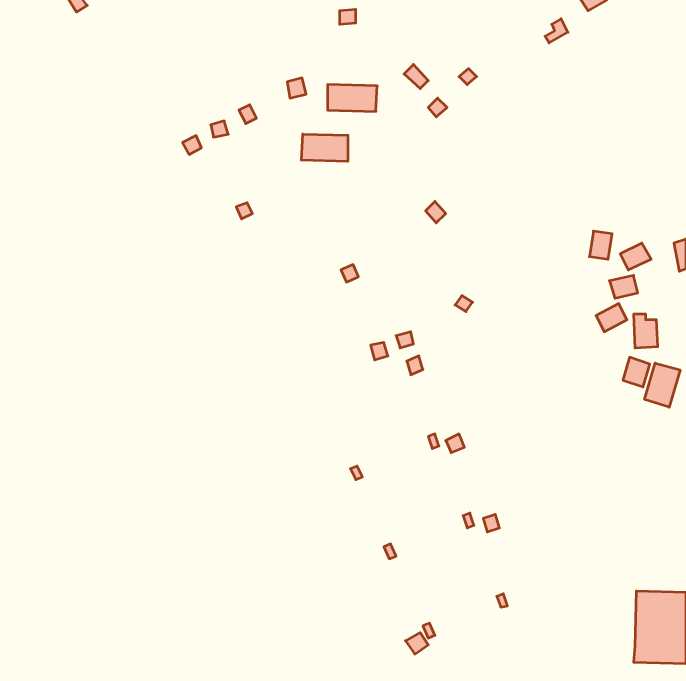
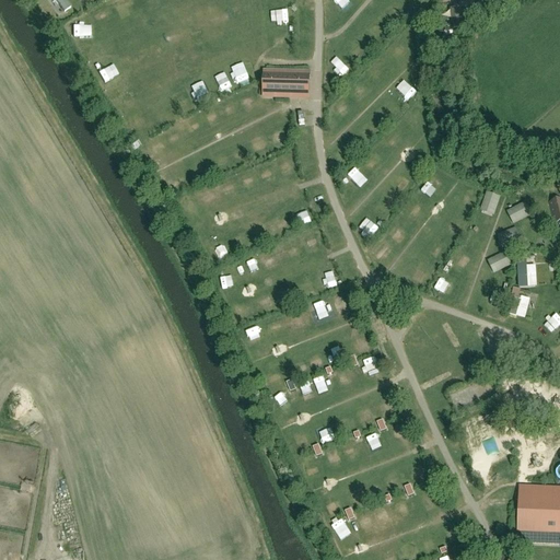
building: [301,134,348,161] -> none
building: [645,363,680,407] -> none

